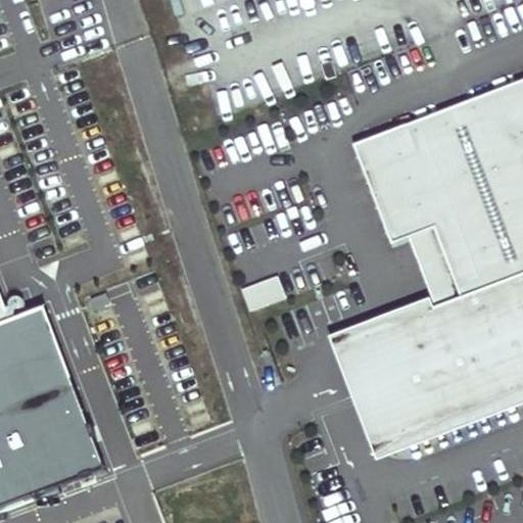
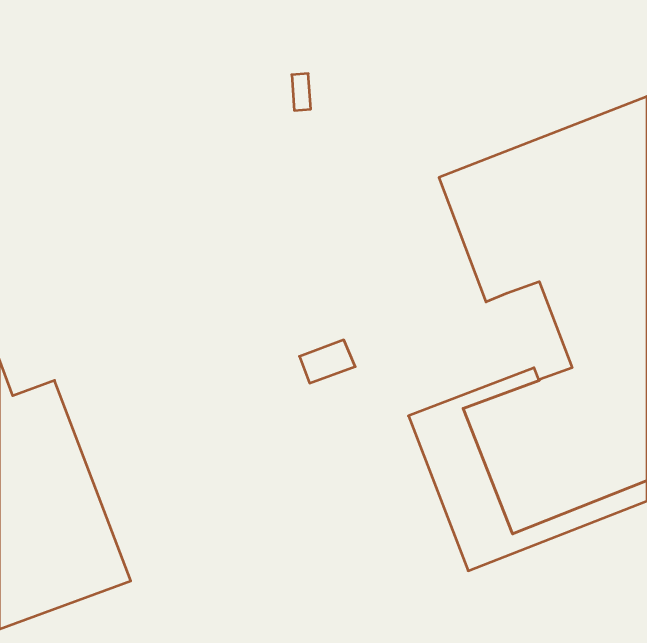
building: [409,227,461,305] -> none

